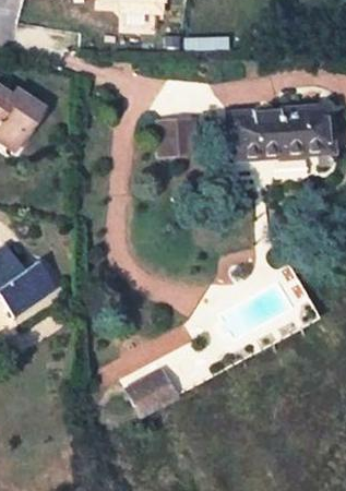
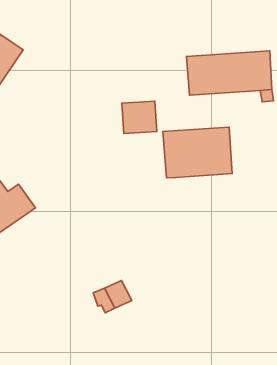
building: [153,118,193,155] -> [122,101,157,133]
building: none -> [163,127,232,178]

